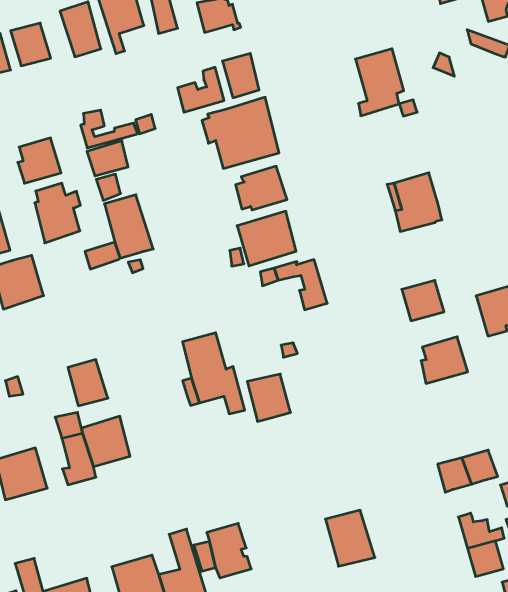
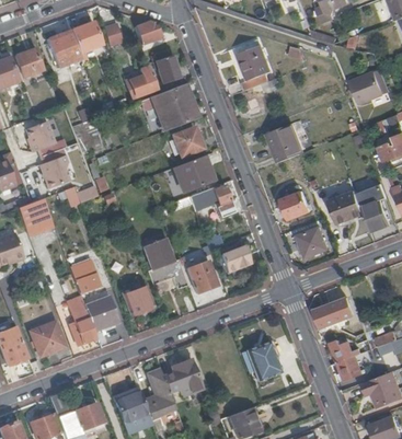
building: none -> [221,244,252,270]
building: none -> [120,286,154,315]

